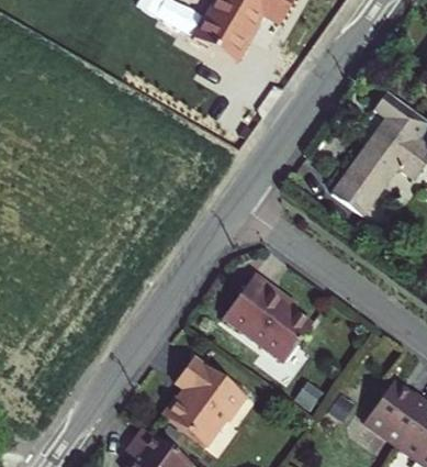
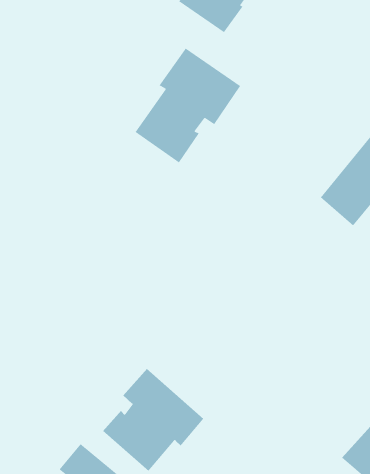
building: none -> [134,48,241,163]
building: [224,276,313,362] -> none

